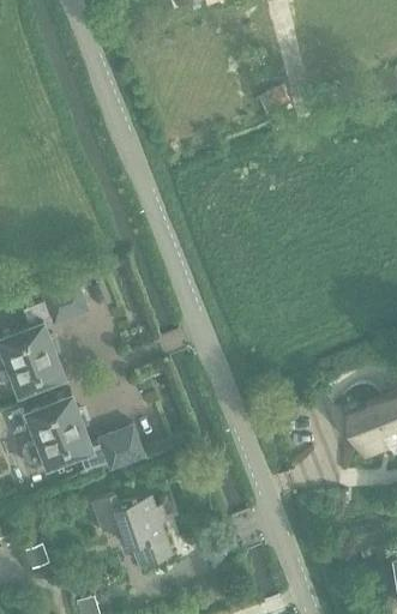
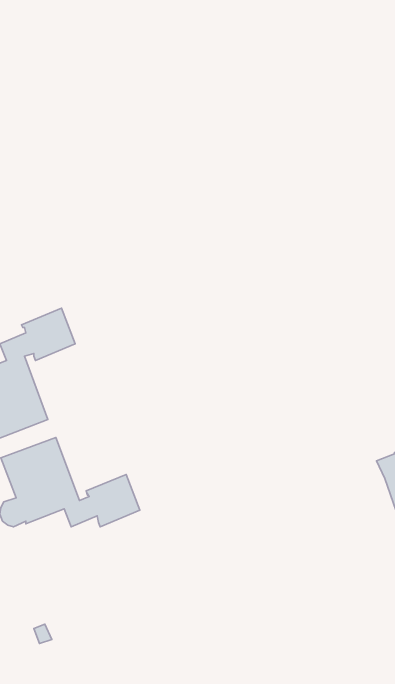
building: [91,495,173,568] -> none

